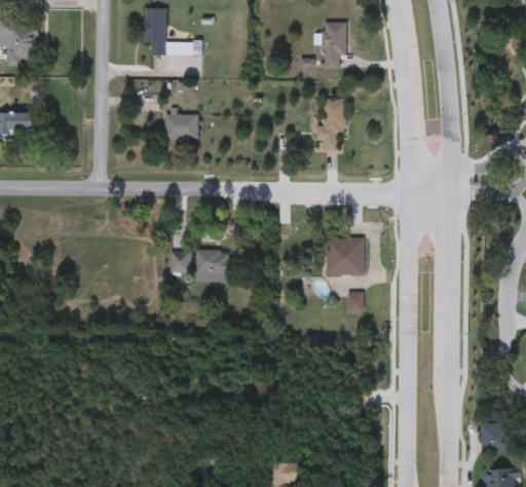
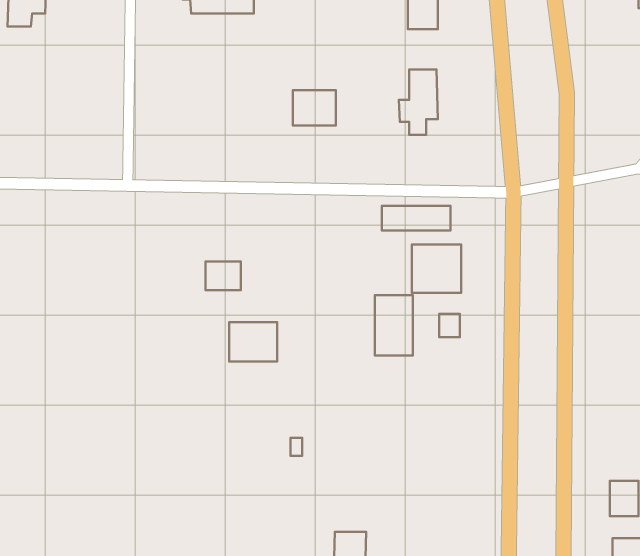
building: [8,111,37,133] -> none
building: [164,112,198,140] -> [293,90,336,126]
building: none -> [382,206,451,230]
building: [194,251,232,282] -> [229,322,277,361]
building: none -> [375,295,413,355]

